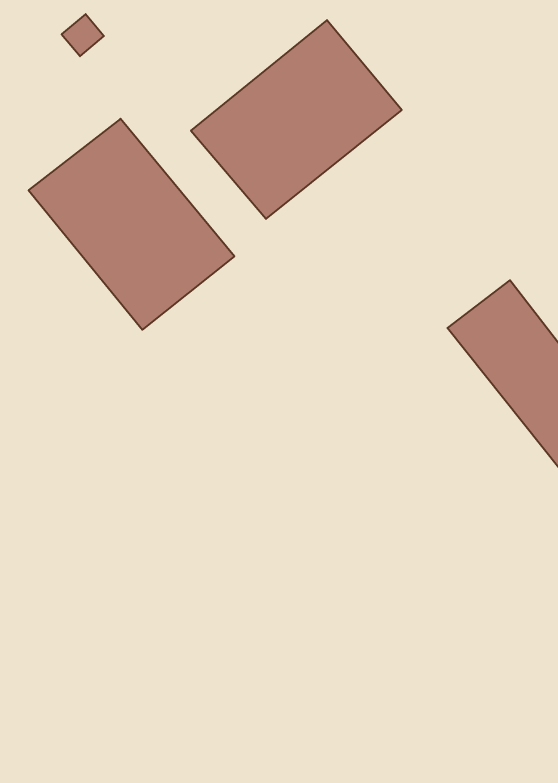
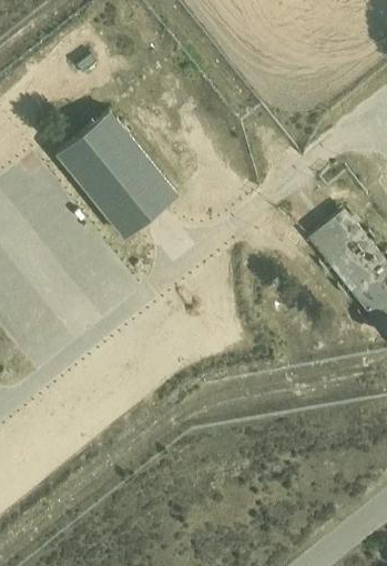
building: [191,20,402,219] -> none

